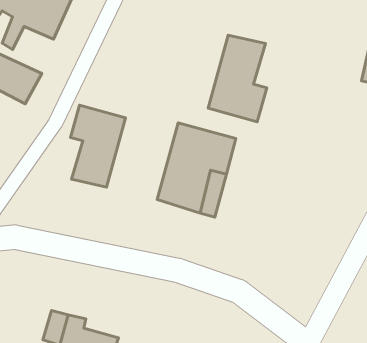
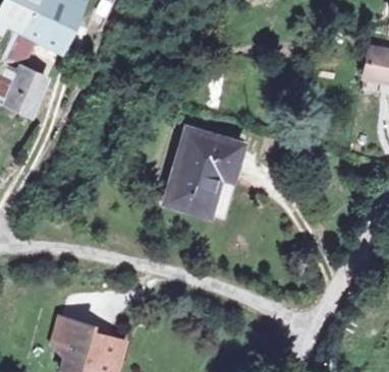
building: [208,35,267,122] -> none
building: [70,105,125,187] -> none

